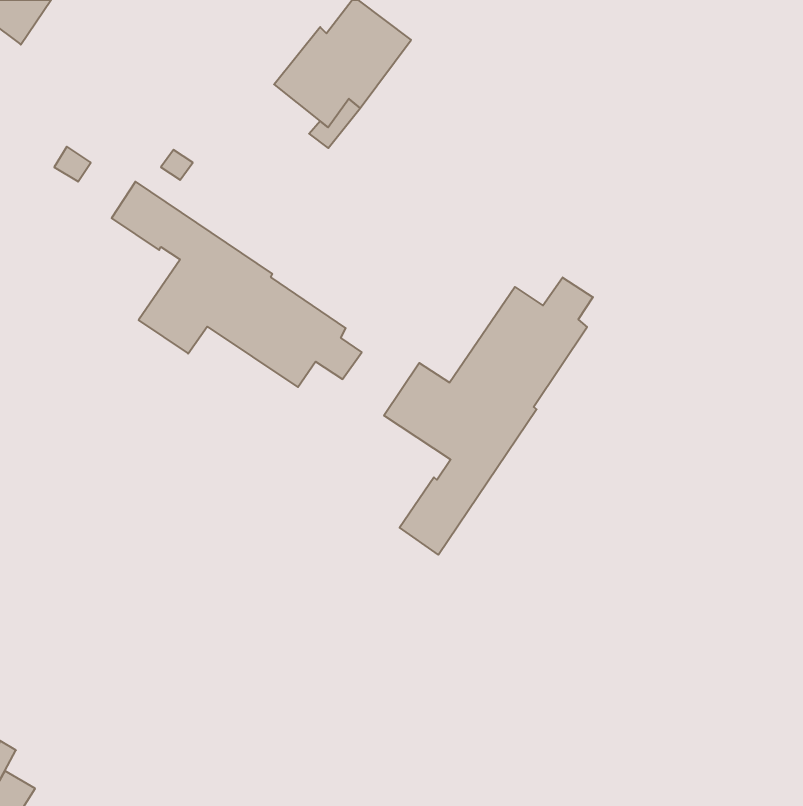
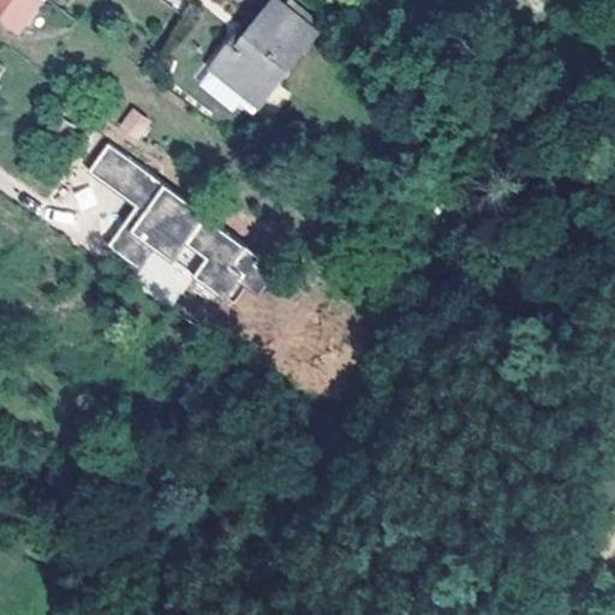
building: [384,277,593,555] -> none

